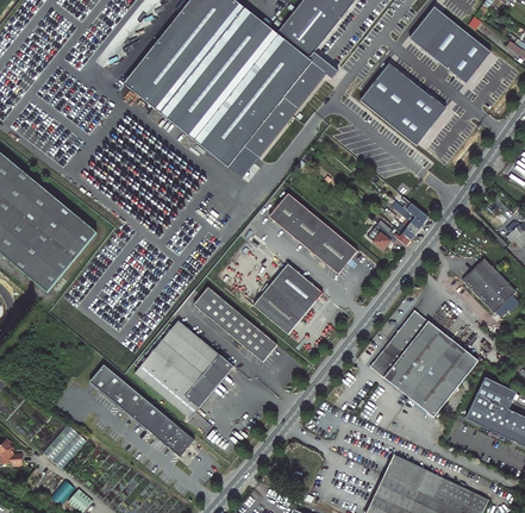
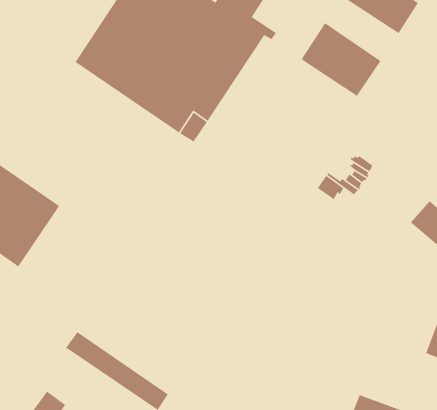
building: [270,192,358,273] -> none
building: [254,263,323,333] -> none
building: [194,286,277,361] -> none
building: [369,309,477,417] -> none
building: [135,320,233,418] -> none

